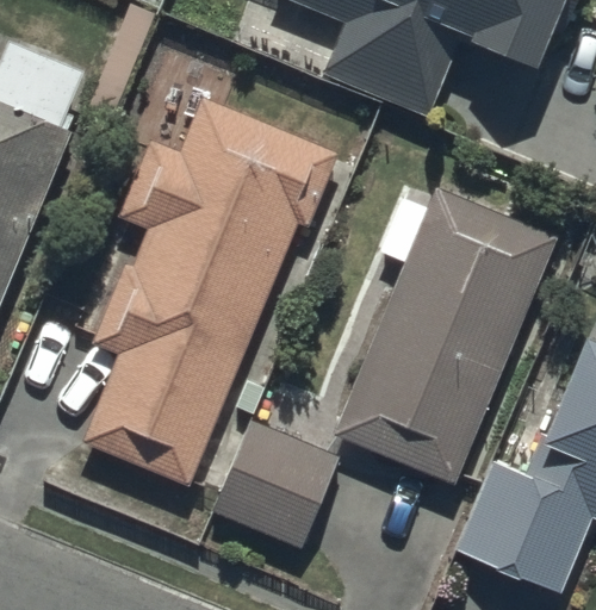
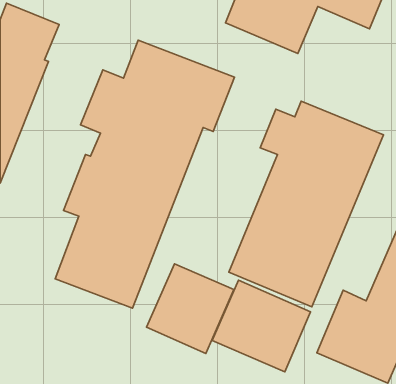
building: none -> [212,280,311,372]

